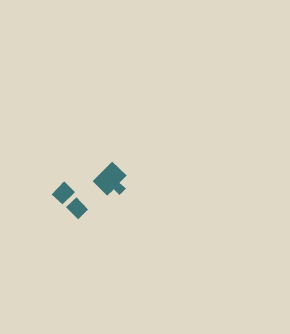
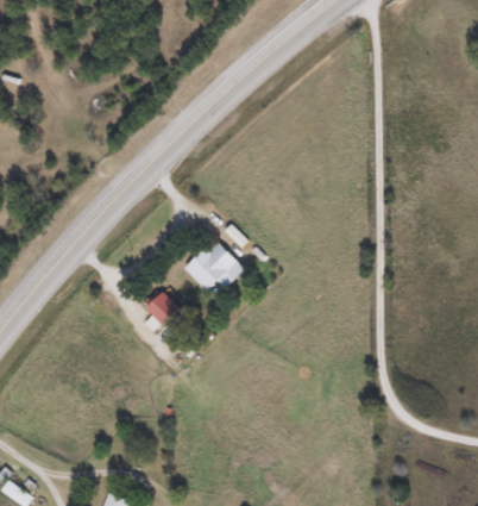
building: [51,180,76,205] -> none

